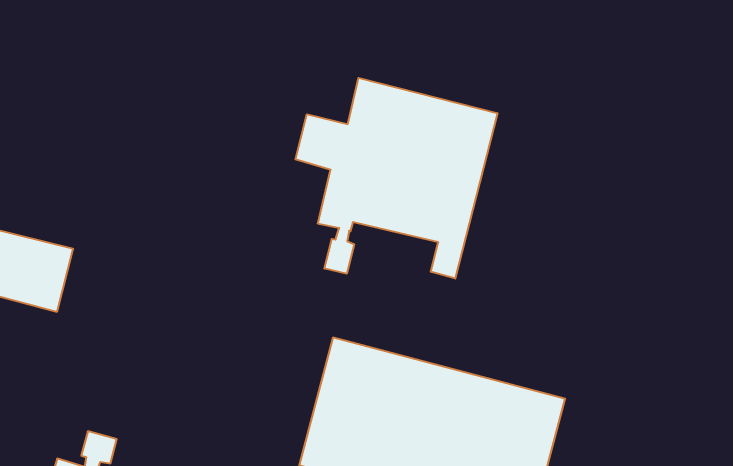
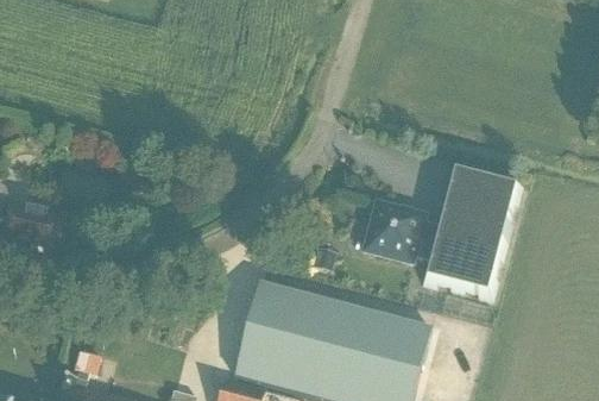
building: [295,78,497,279] -> none
building: none -> [359,173,515,294]

